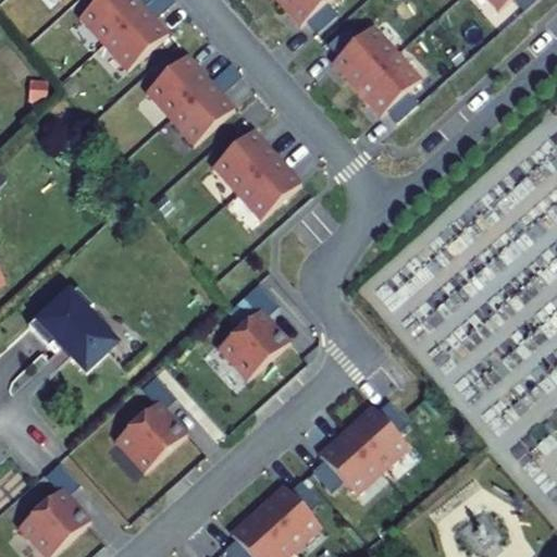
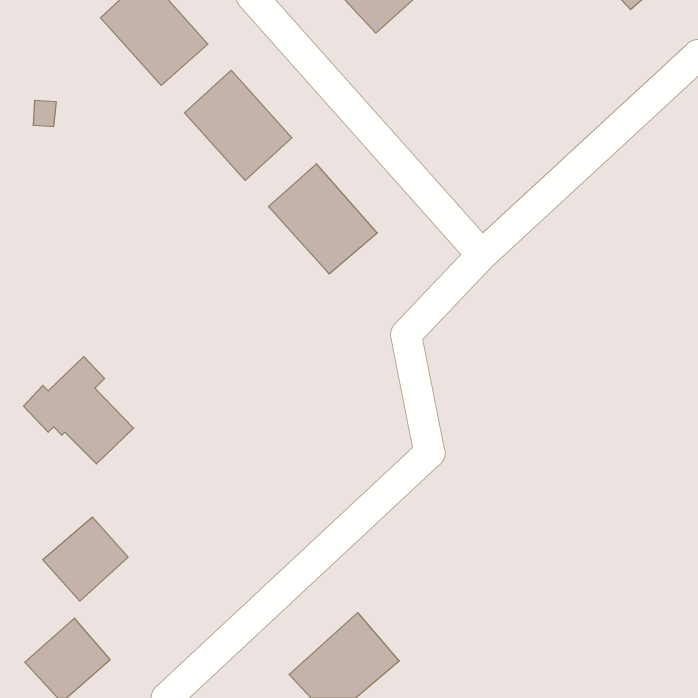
building: [329,29,414,116] -> none
building: [219,309,287,376] -> none
building: [116,403,184,469] -> [43,517,128,601]
building: [317,406,404,491] -> none

